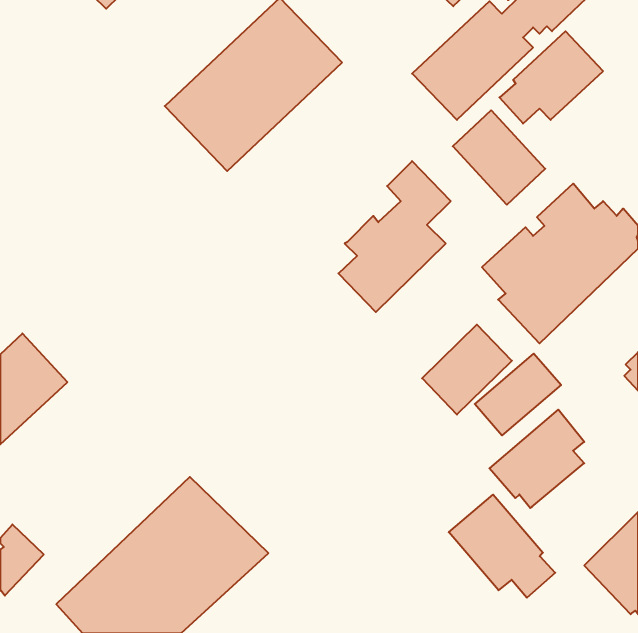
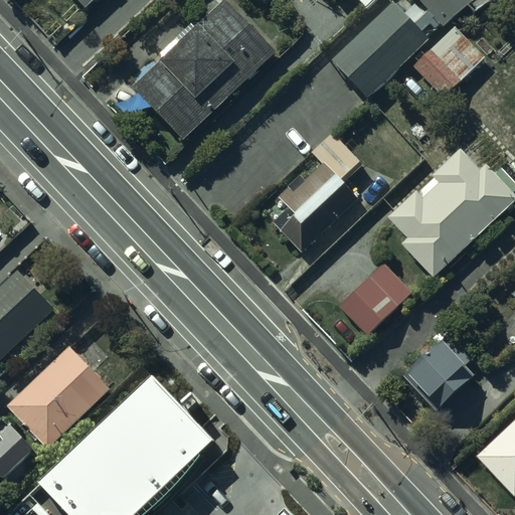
building: [453,110,545,205] -> none
building: [475,354,561,435] -> none
building: none -> [7,346,110,448]
building: [449,495,555,598] -> none

